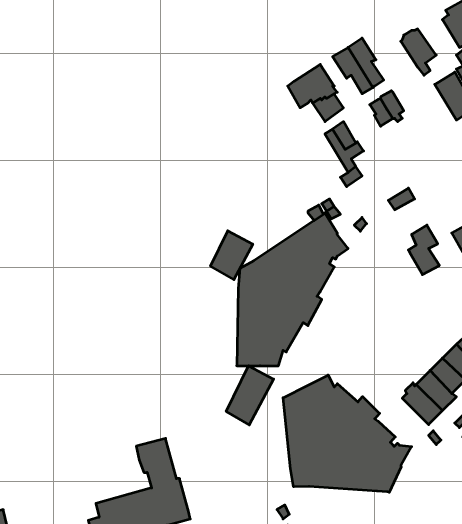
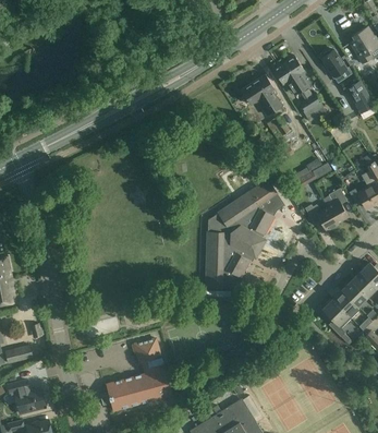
building: [211,231,253,280] -> none
building: none -> [305,204,339,231]
building: [226,366,274,425] -> none
building: [283,375,412,492] -> none

